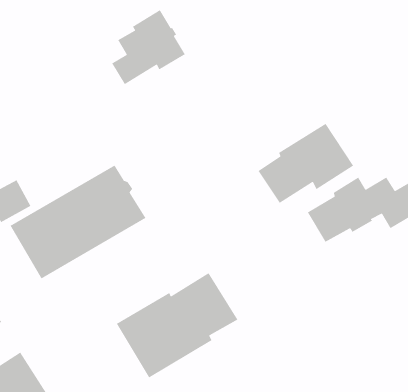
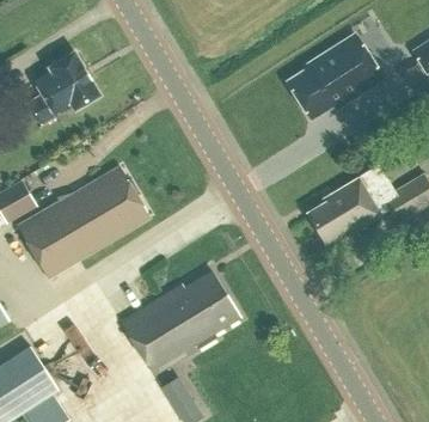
building: [111,9,186,85] -> [26,50,99,124]
building: [257,123,354,204] -> [288,37,382,116]

